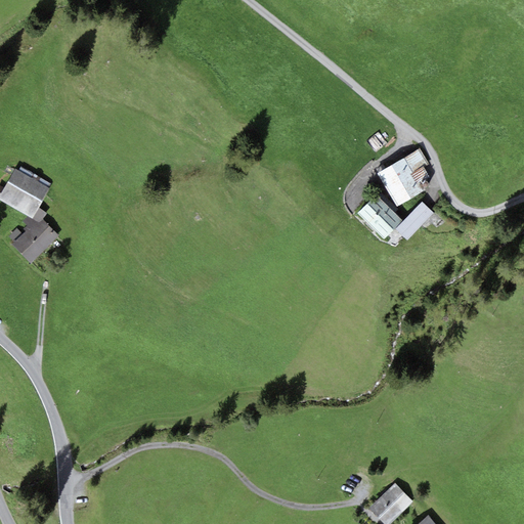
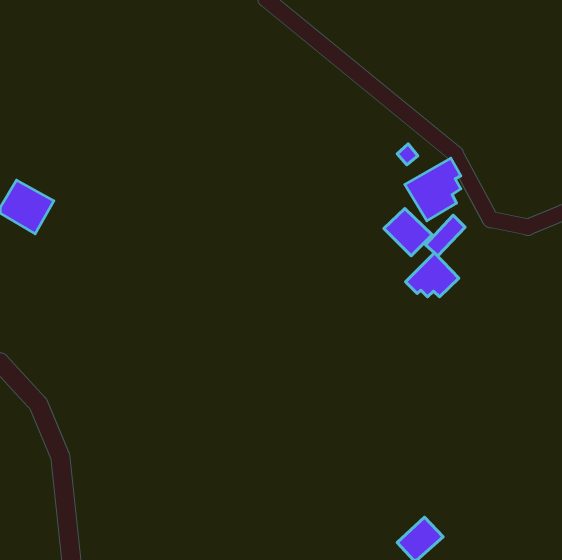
building: [12,214,58,263] -> none
building: none -> [405,253,459,297]

